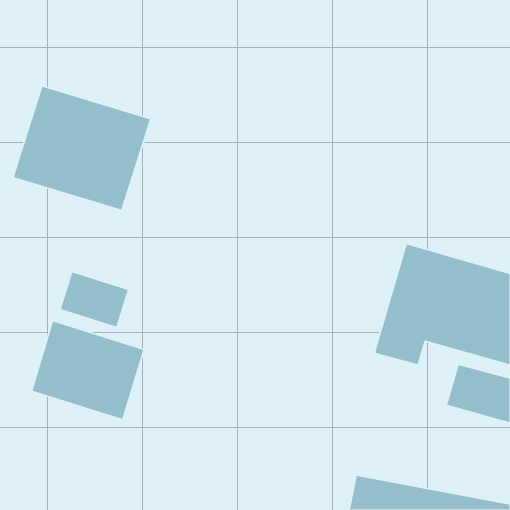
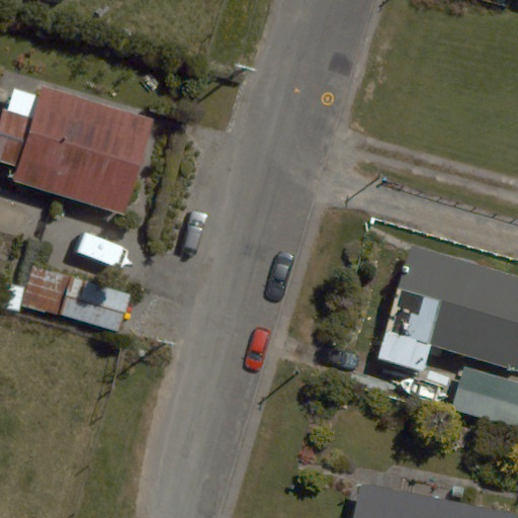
building: [31,321,144,420] -> none

